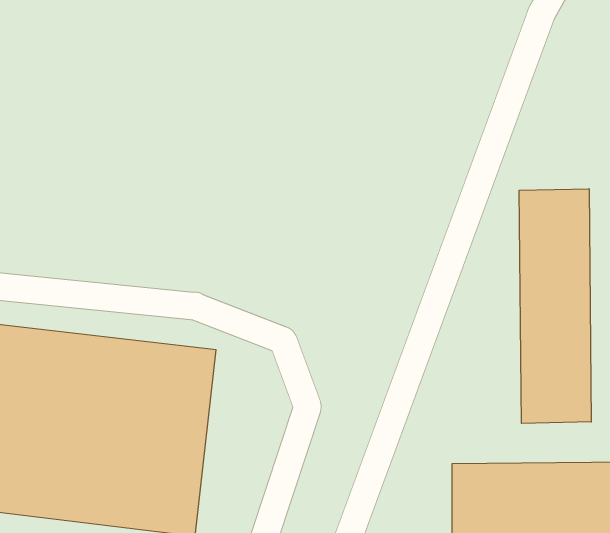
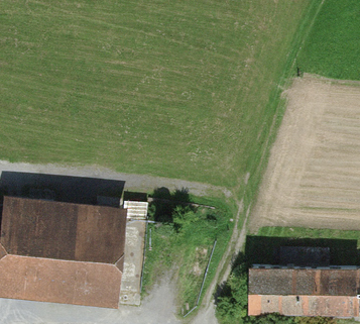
building: [519,189,591,423] -> none

